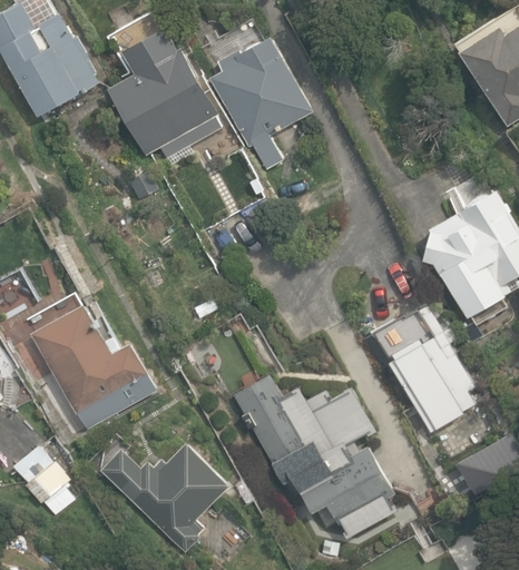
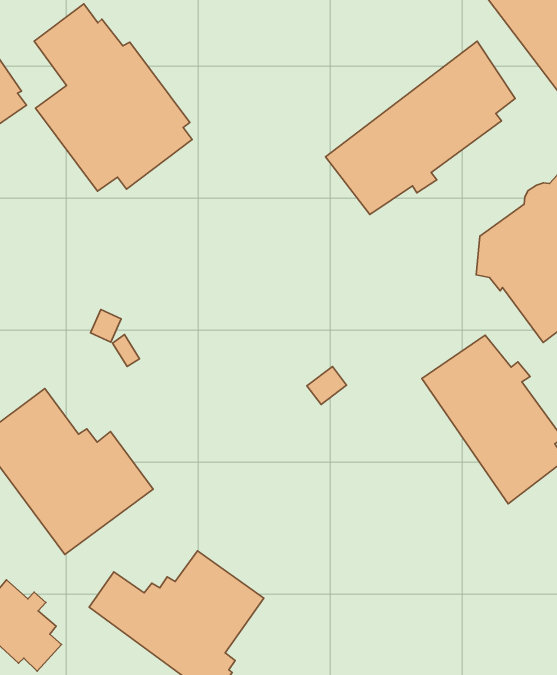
building: [207,36,313,171] -> none
building: none -> [325,41,515,215]
building: [228,374,404,540] -> none

